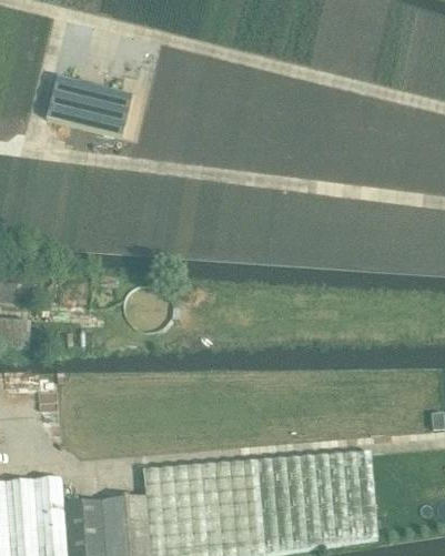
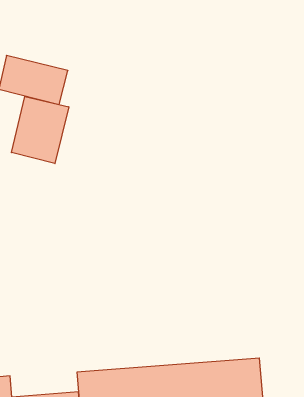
building: none -> [11,96,69,164]

